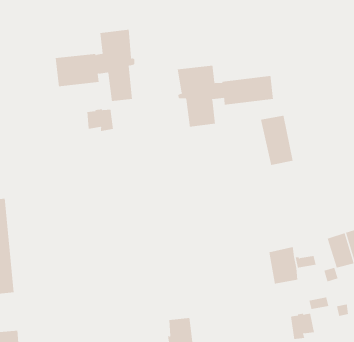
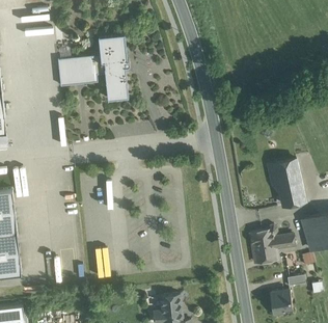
building: [177,65,274,127] -> none
building: [87,109,114,133] -> none
building: [260,115,293,166] -> [273,163,303,209]

